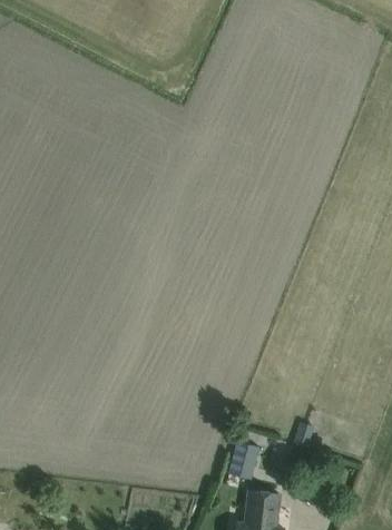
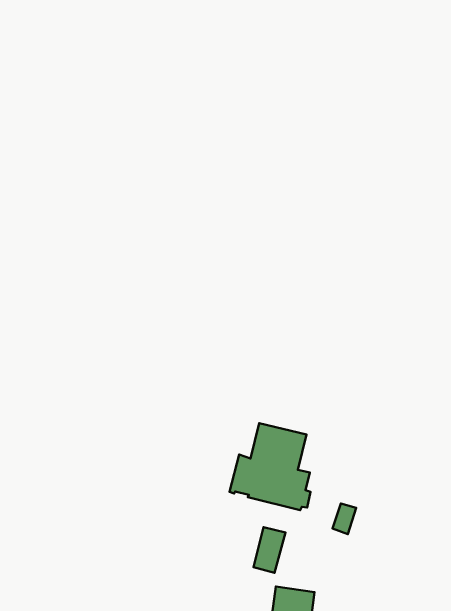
building: none -> [229,423,310,510]

